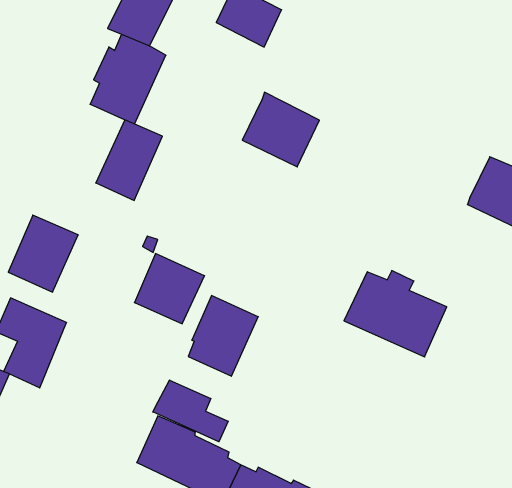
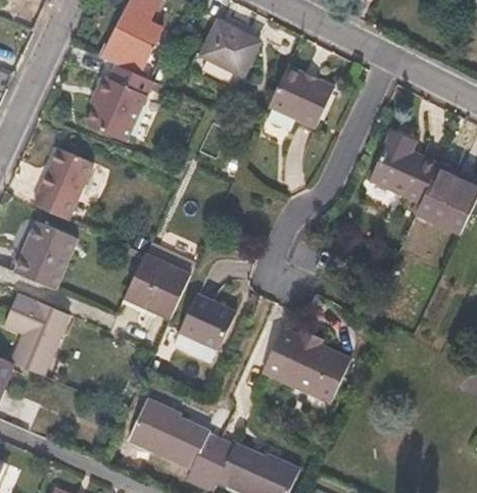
building: [242,92,319,167] -> [264,62,331,128]
building: none -> [369,131,439,206]
building: [96,120,162,200] -> [34,149,92,219]
building: [344,271,447,357] -> [261,328,351,403]
building: [153,380,228,442] -> none

